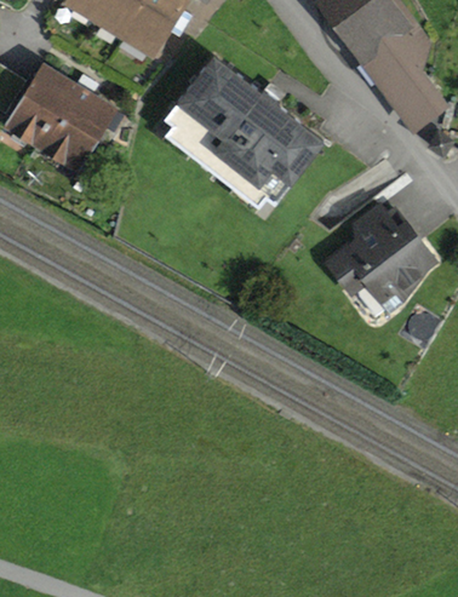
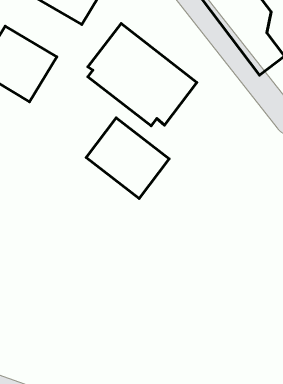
building: none -> [86,118,169,199]
building: [324,200,437,315] -> none

